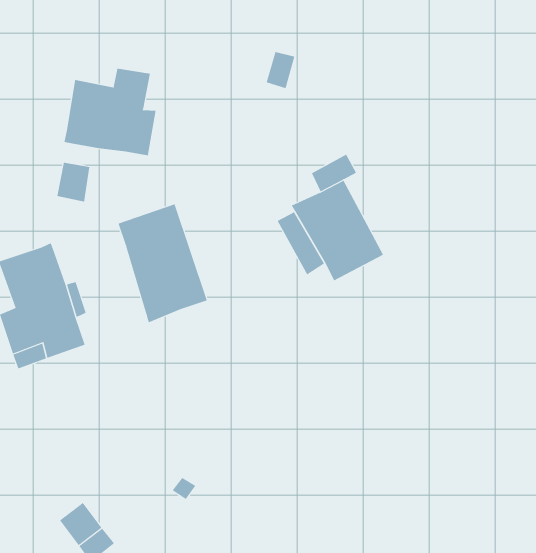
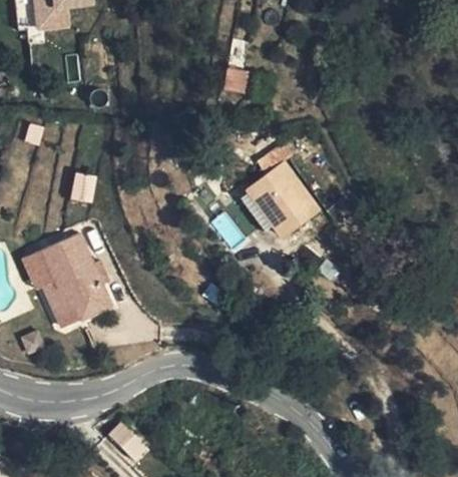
building: [64,68,156,156] -> none
building: [118,204,208,323] -> none

